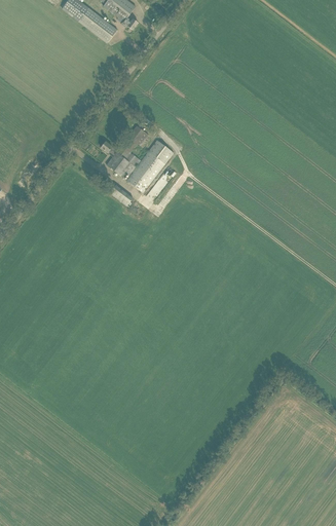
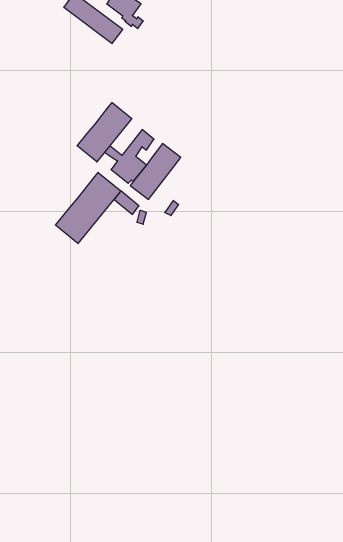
building: none -> [77,103,132,162]
building: none -> [55,172,121,244]

